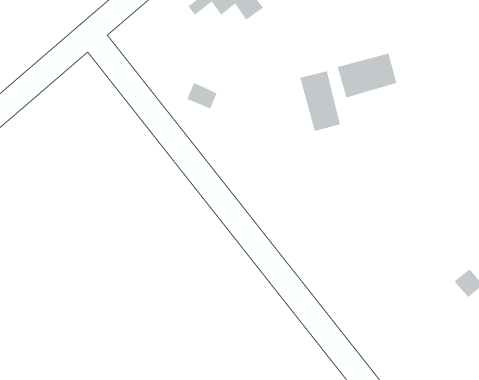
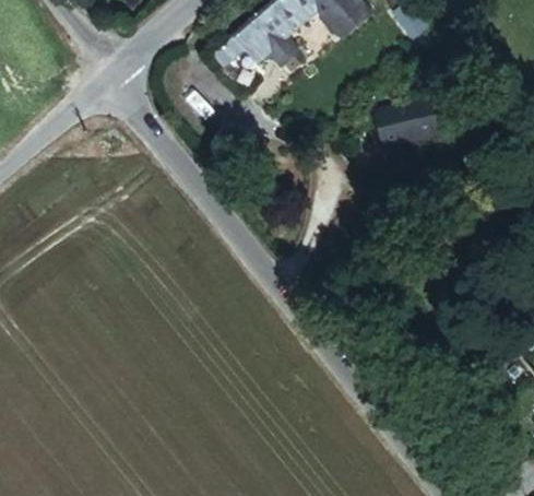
building: [300,70,341,132] -> none

